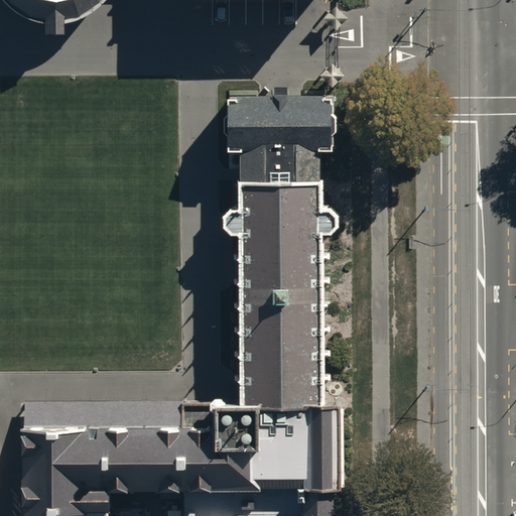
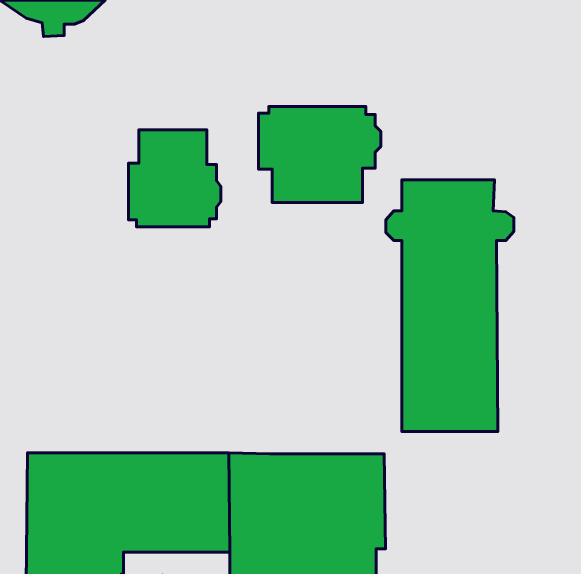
building: none -> [129,130,221,227]
building: [224,187,337,409] -> [386,180,514,431]

